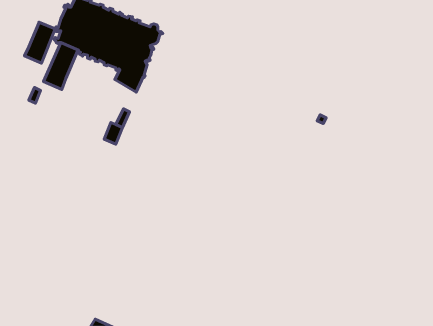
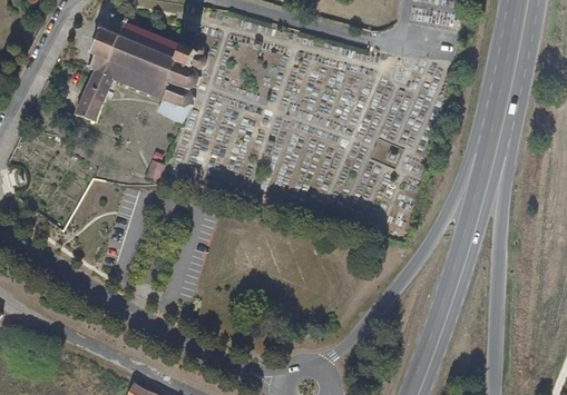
building: [24,22,55,63] -> none

